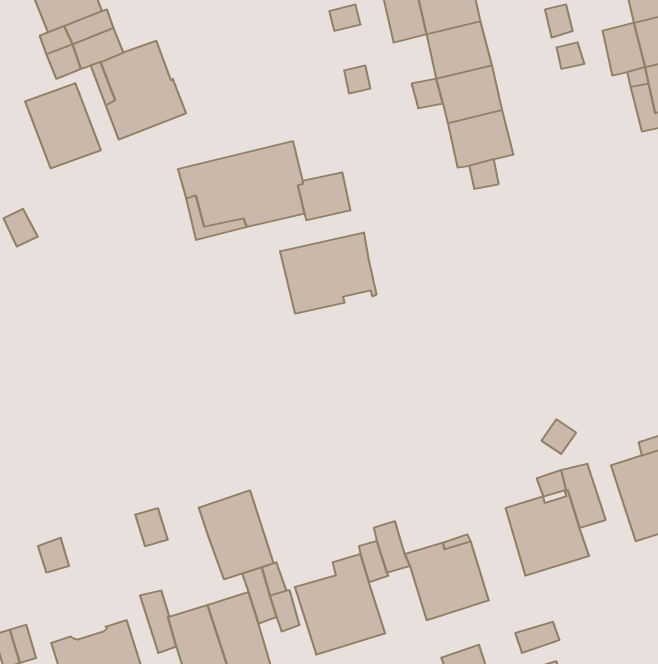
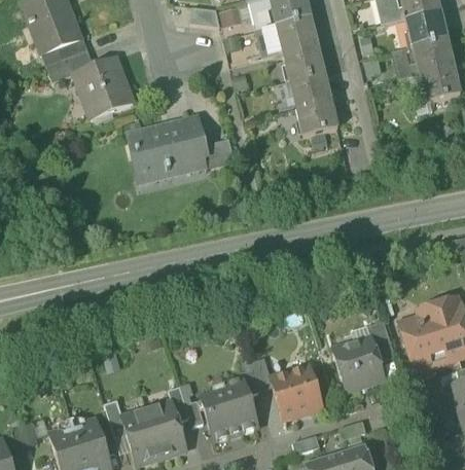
building: [25,83,101,168] -> none
building: [280,232,376,314] -> none
building: [199,490,274,579] -> none

